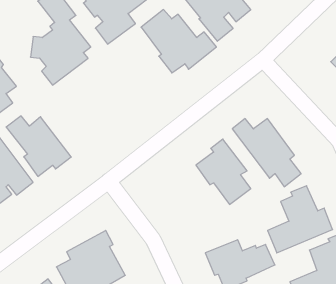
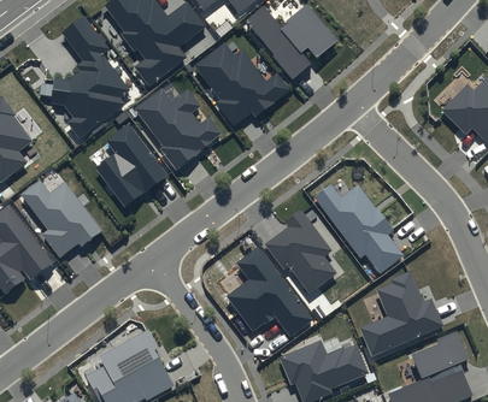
building: none -> [135,89,222,167]
building: none -> [96,123,166,206]
building: none -> [225,246,312,336]

